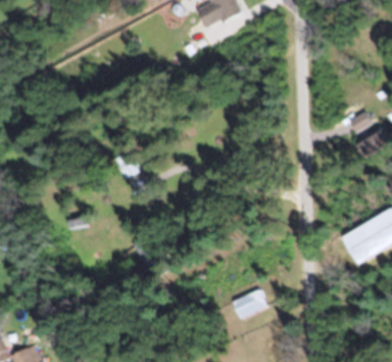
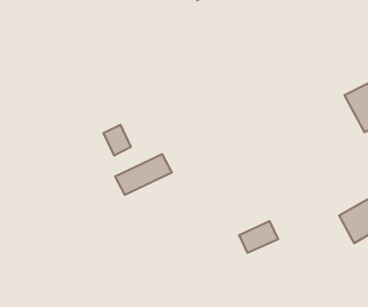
building: none -> [115,154,172,195]
building: [231,287,268,318] -> [239,221,278,253]

